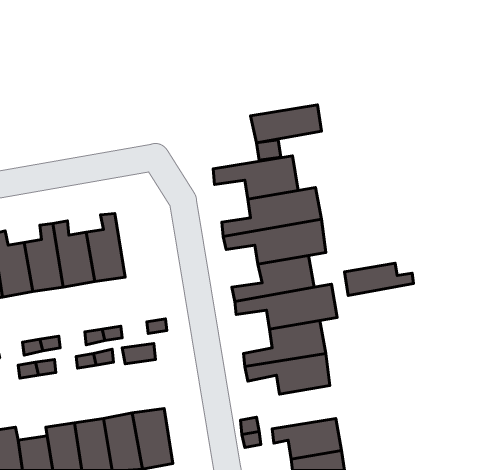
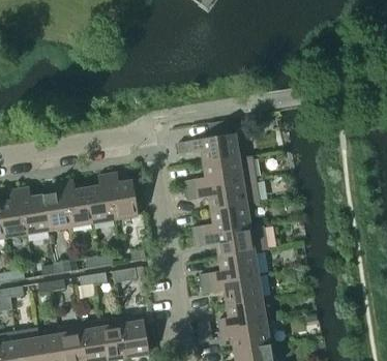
building: [250,105,321,143] -> none
building: none -> [109,173,139,220]
building: [344,263,413,296] -> none
building: none -> [219,298,267,329]

